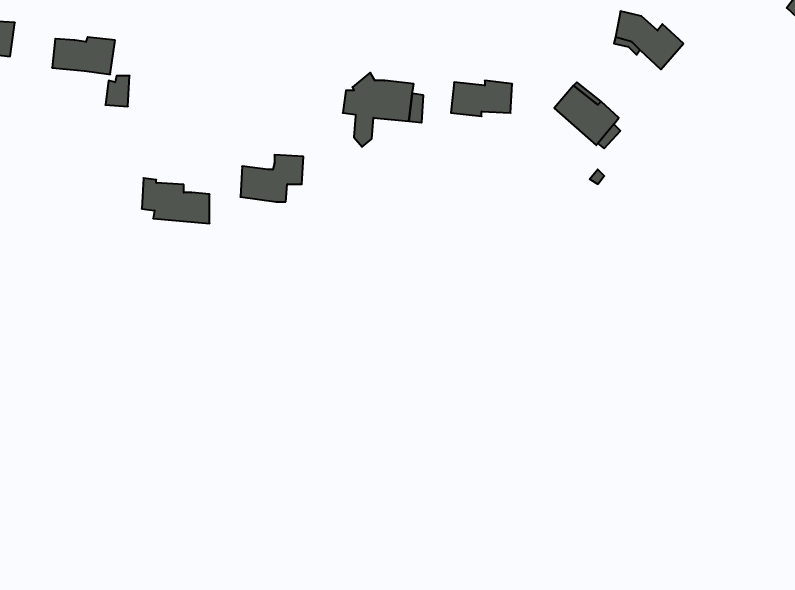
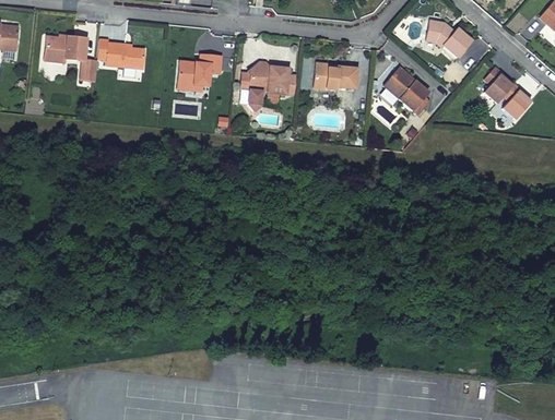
building: none -> [484,67,531,120]
building: [240,155,303,202] -> [178,53,221,85]
building: [142,178,210,223] -> [98,39,144,70]

